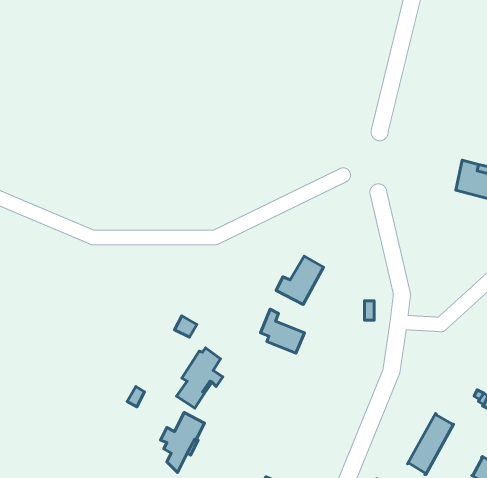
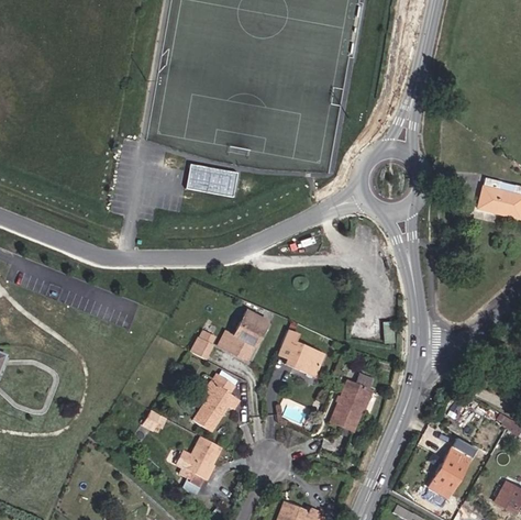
building: none -> [186,164,237,198]
building: [276,256,324,305] -> [219,311,267,361]
building: none -> [330,381,372,432]

